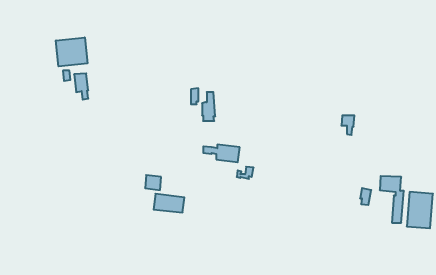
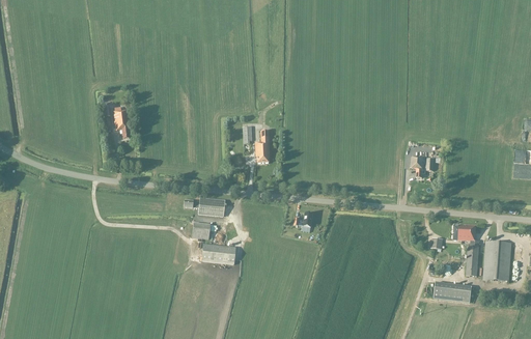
building: [56,37,87,66] -> none
building: [203,145,240,162] -> [185,197,225,217]
building: none -> [435,282,472,302]

